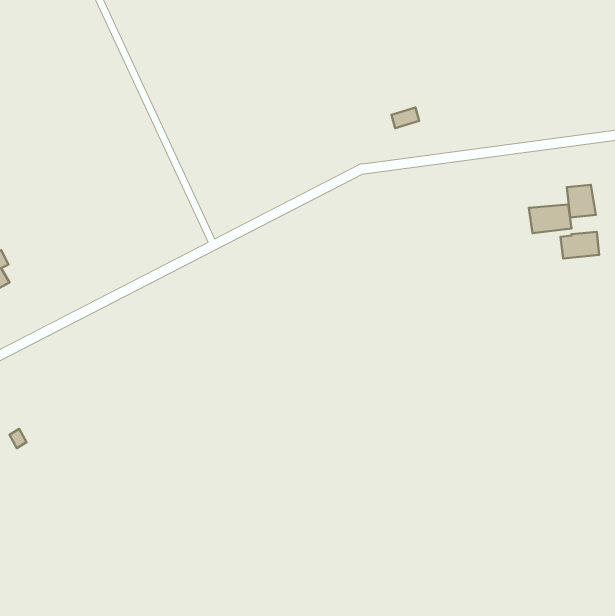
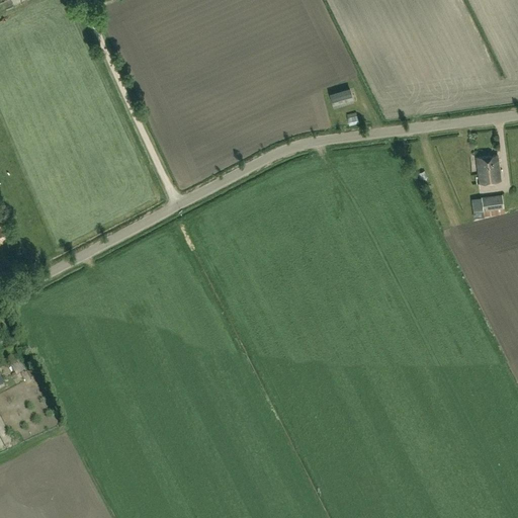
building: [529,204,572,233] -> none

